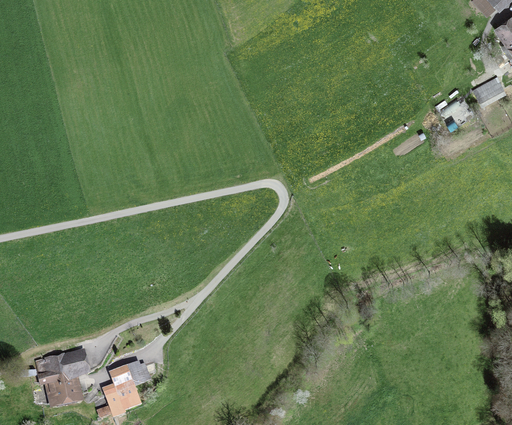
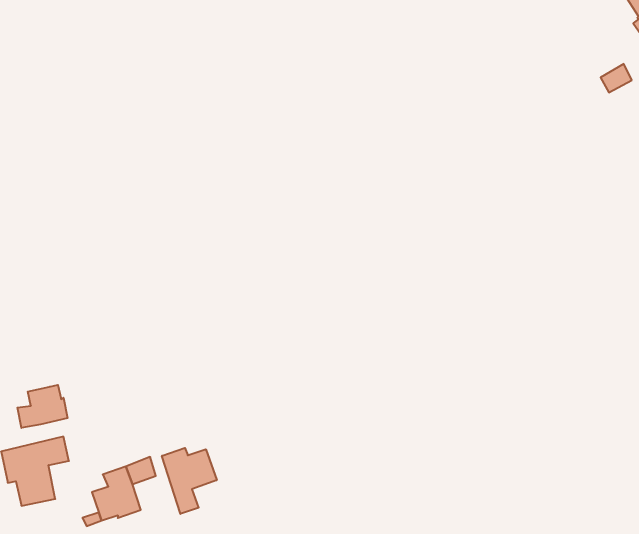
building: none -> [17,385,68,428]
building: none -> [162,448,217,514]

